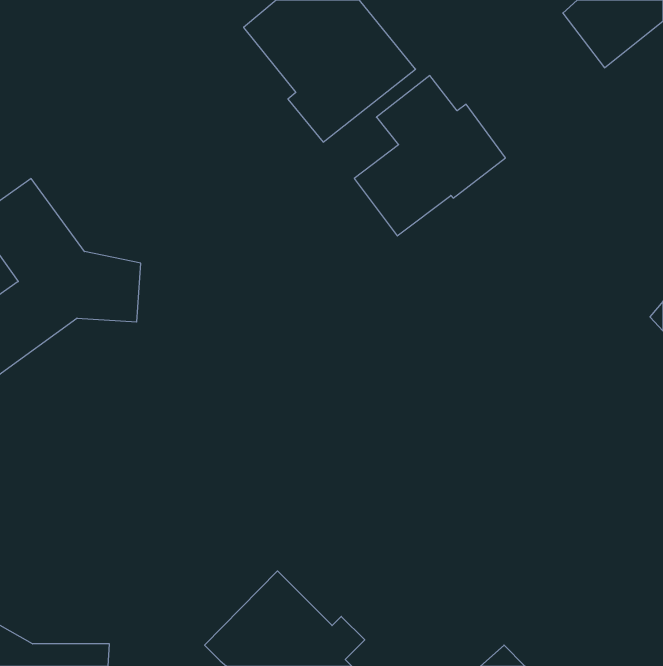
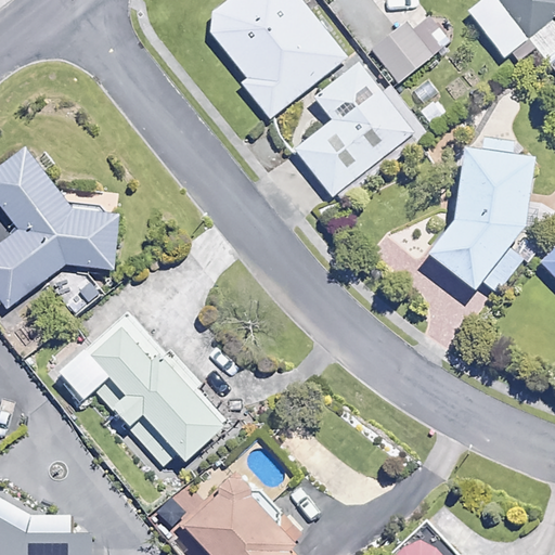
building: none -> [373,11,449,85]
building: none -> [428,133,534,287]
building: none -> [54,312,227,466]

